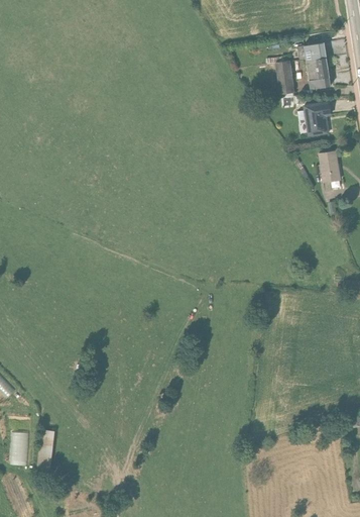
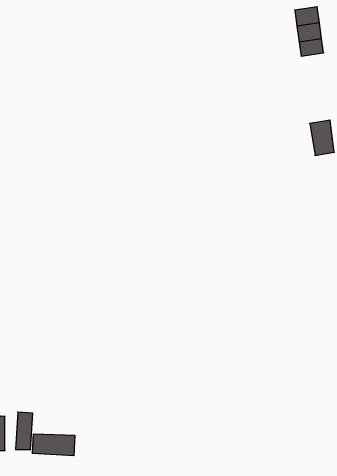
building: [276,59,293,92] -> none
building: [302,102,331,137] -> none
building: none -> [32,434,75,456]

